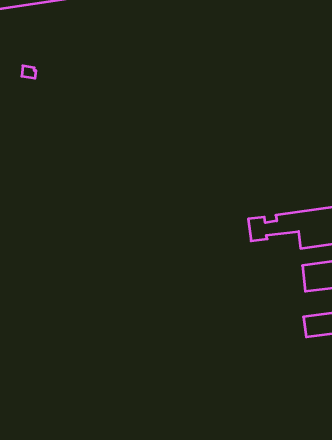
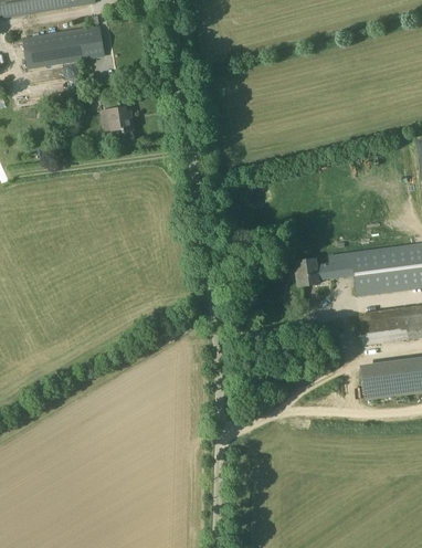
building: none -> [22,27,104,67]
building: none -> [98,106,133,131]

